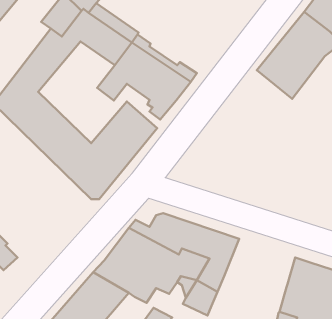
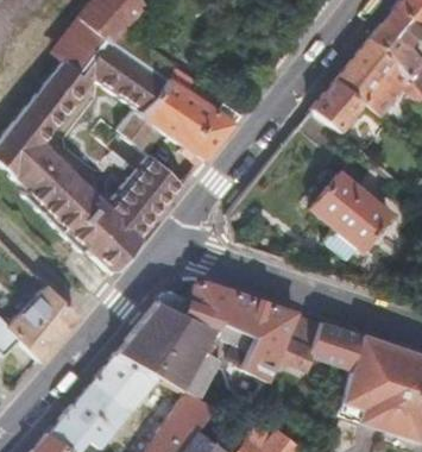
building: none -> [309,172,391,251]
building: none -> [10,280,86,359]
building: none -> [273,314,359,373]

